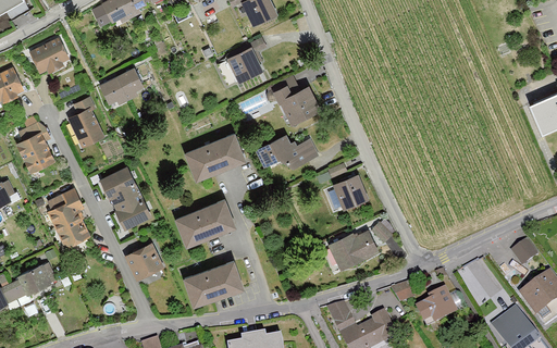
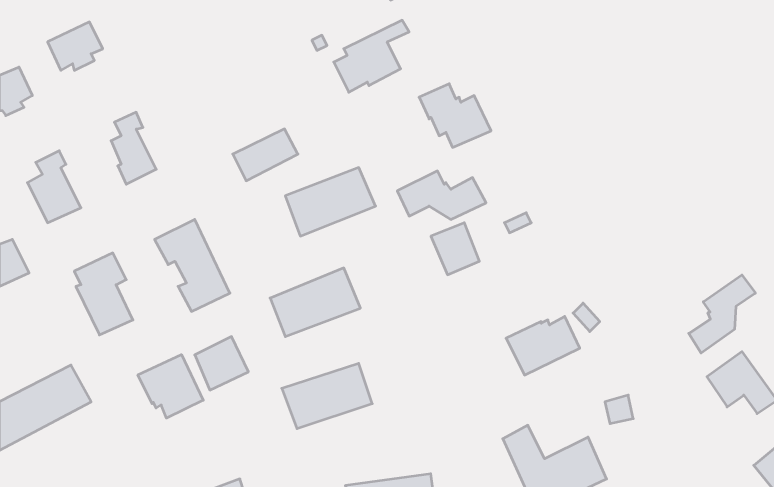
building: [100,67,143,101] -> [233,129,298,181]
building: [334,172,366,206] -> [431,223,479,275]
building: none -> [689,275,755,353]
building: none -> [138,355,203,418]
building: [413,286,457,328] -> none

